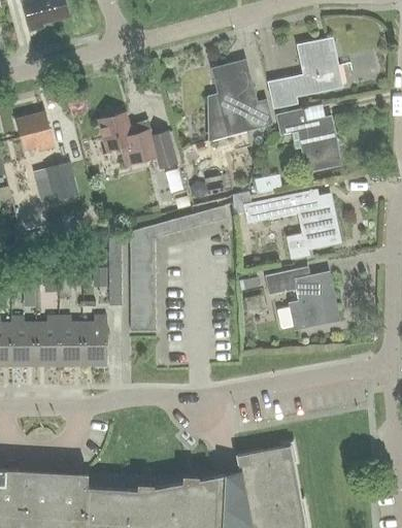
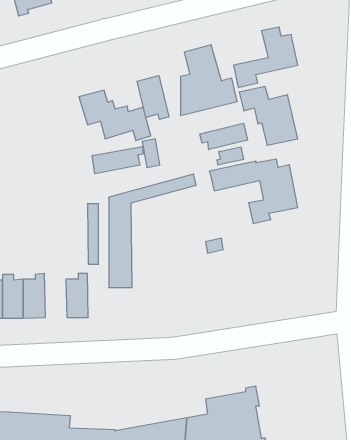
building: none -> [137,76,169,120]
building: [15,111,55,152] -> none
building: none -> [200,123,248,150]
building: [40,162,79,203] -> none
building: none -> [92,146,143,174]
building: [266,267,338,328] -> none
building: [60,316,85,364] -> none

